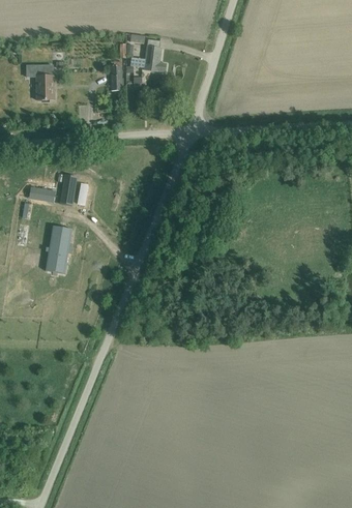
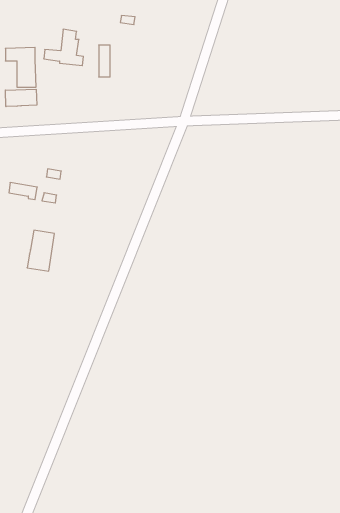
building: [129,39,166,72] -> [44,29,83,66]
building: none -> [5,89,37,107]

